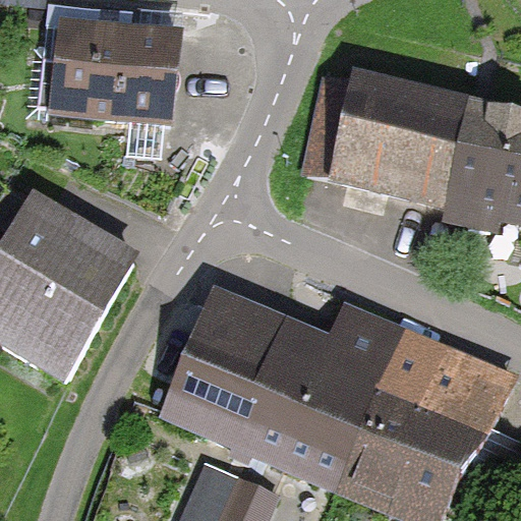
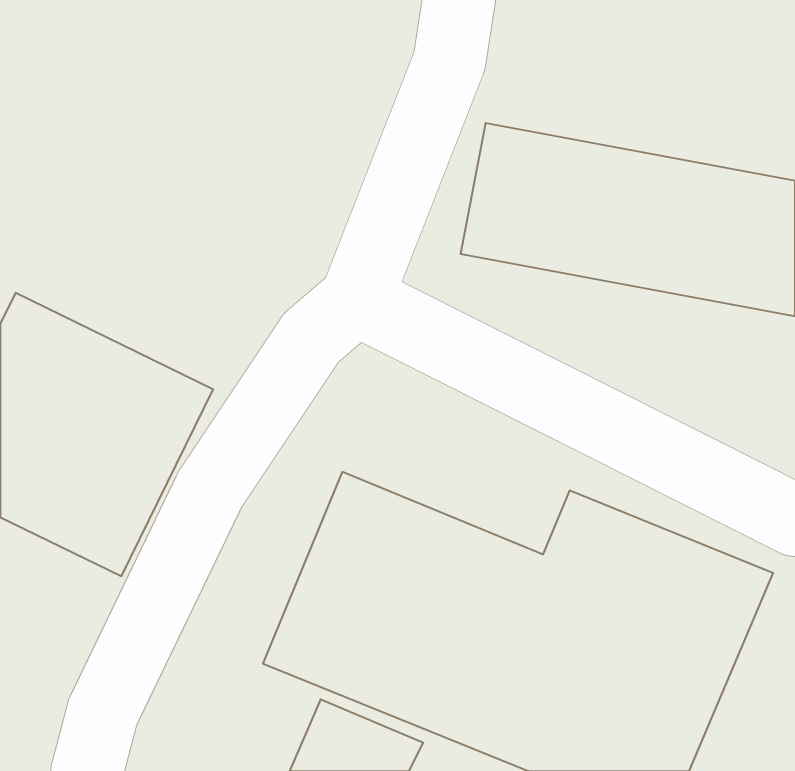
building: [42,23,186,115] -> none

